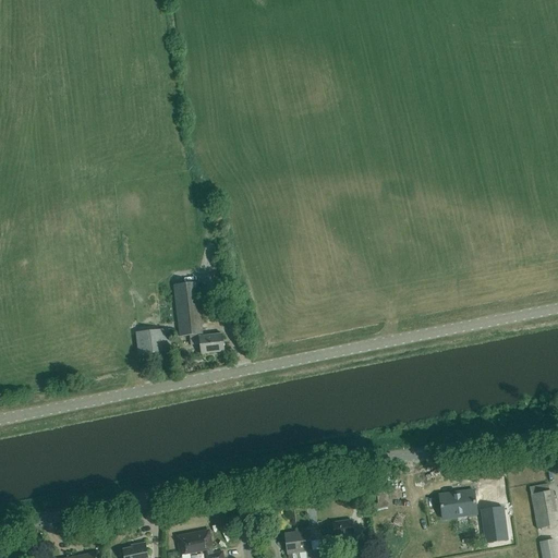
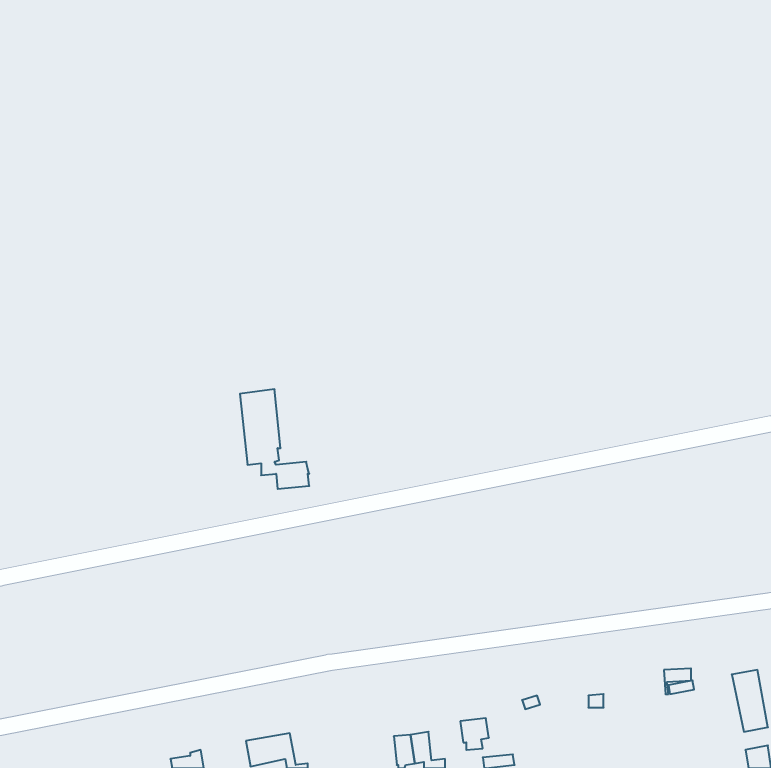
building: [136,328,171,353] -> none
building: [439,489,477,518] -> none
building: [482,506,508,542] -> none

